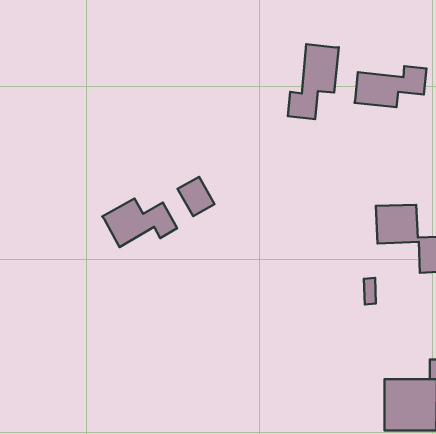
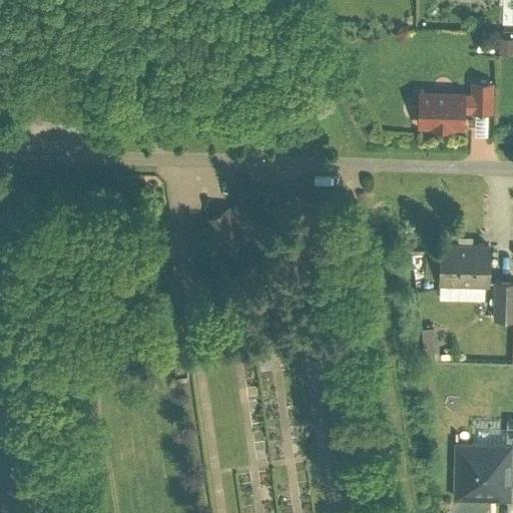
building: [288,44,339,119] -> none
building: [102,198,177,247] -> none

